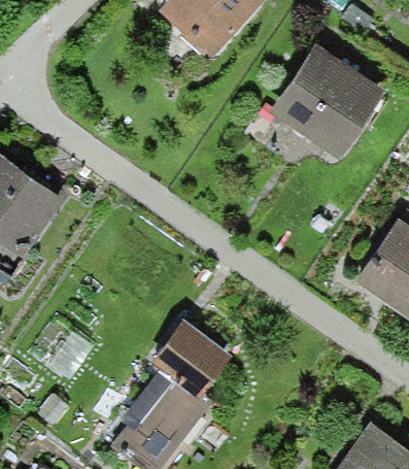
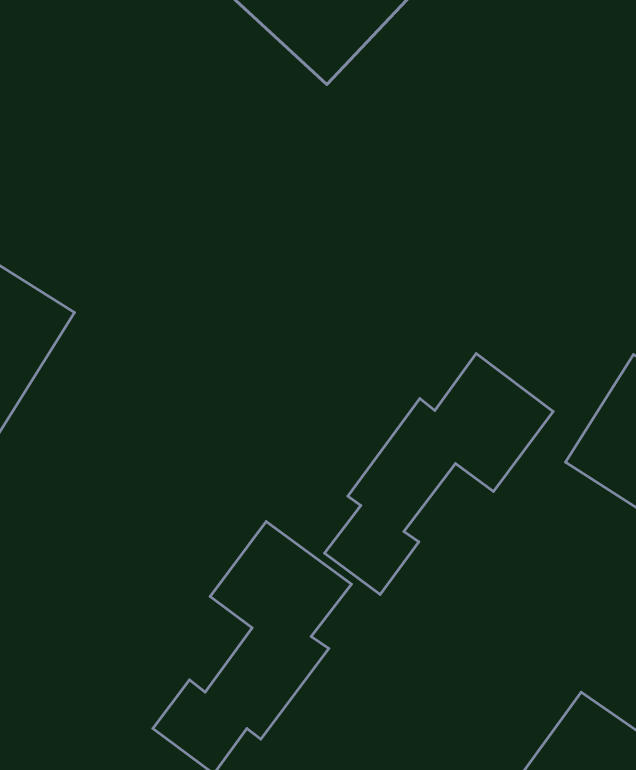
building: [265,41,384,162] -> none
building: none -> [325,354,553,594]

